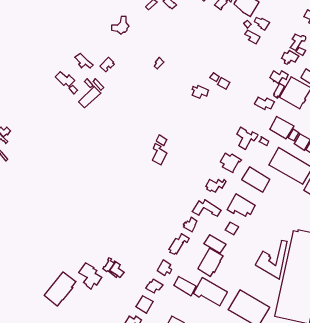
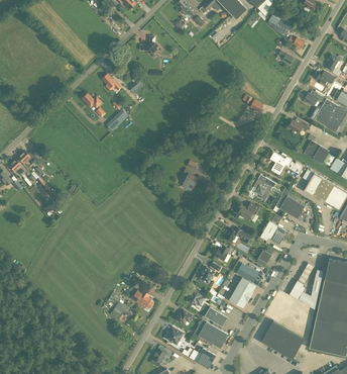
building: [44,272,76,306] -> none
building: [193,278,227,306] -> [192,318,227,348]

